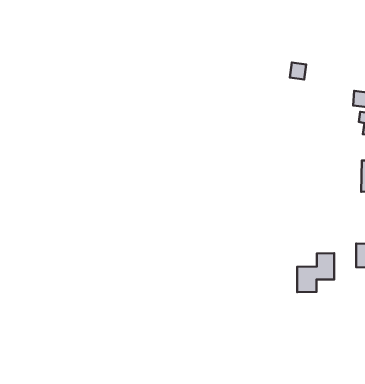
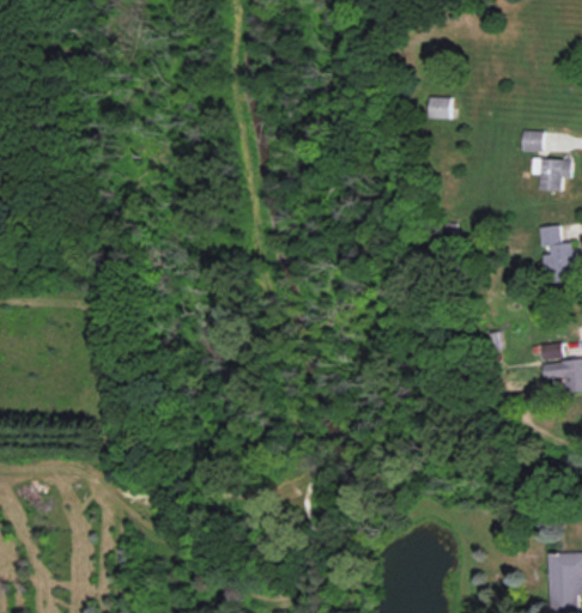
building: [297,253,334,292] -> none

